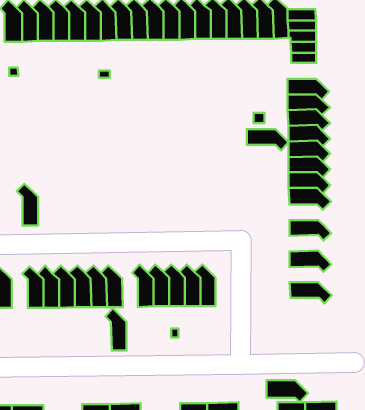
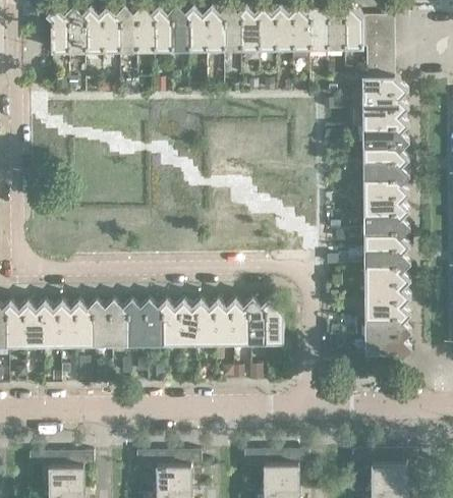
building: [247,129,288,151] -> [361,77,407,101]
building: [17,184,38,226] -> [52,301,75,347]
building: none -> [363,233,409,256]
building: none -> [363,267,409,290]
building: none -> [363,301,410,325]
building: [105,308,127,351] -> [173,299,196,346]
building: [266,380,308,402] -> [364,336,410,361]

